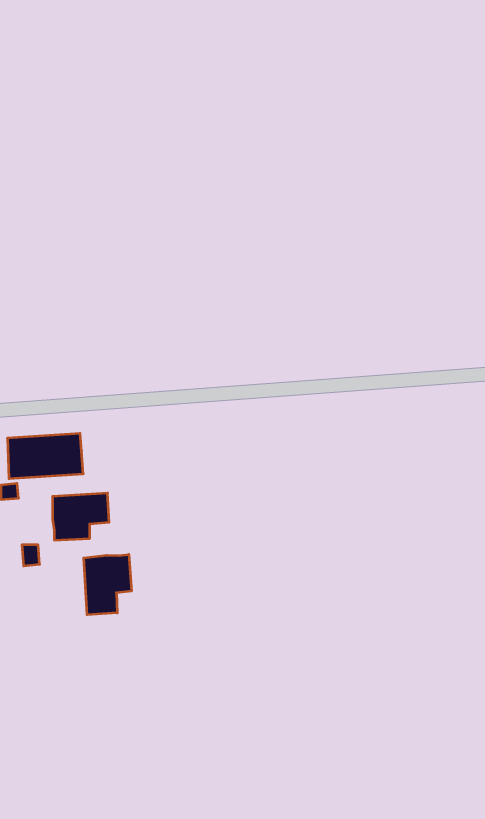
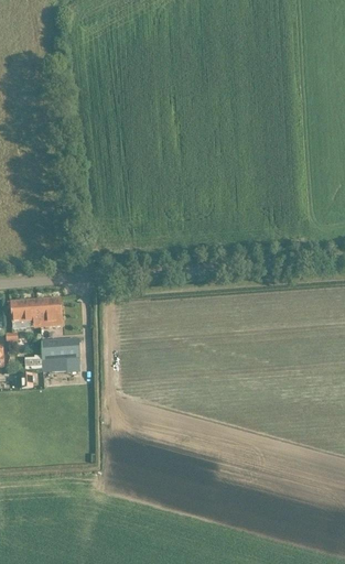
building: [84,554,131,615] -> none

